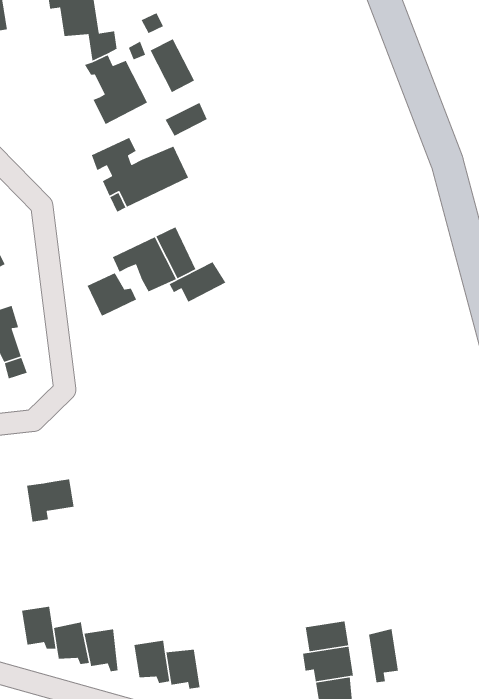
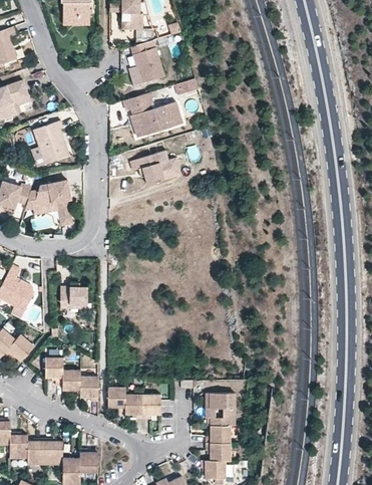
building: [150,38,195,93] -> none
building: [169,261,226,303] -> none
building: [87,272,137,317] -> none
building: [368,628,399,683] -> none
building: none -> [143,397,161,420]

